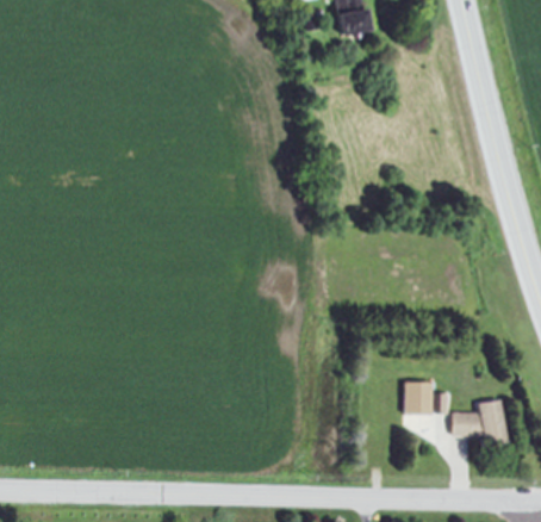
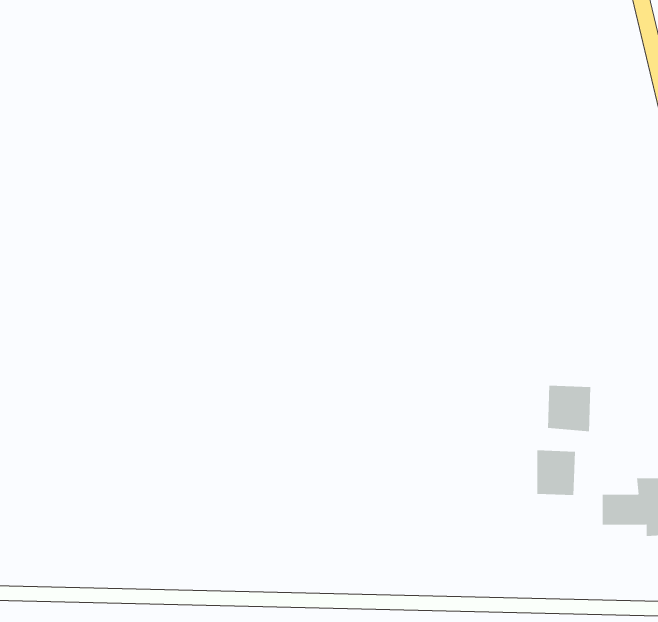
building: none -> [548,385,591,432]

